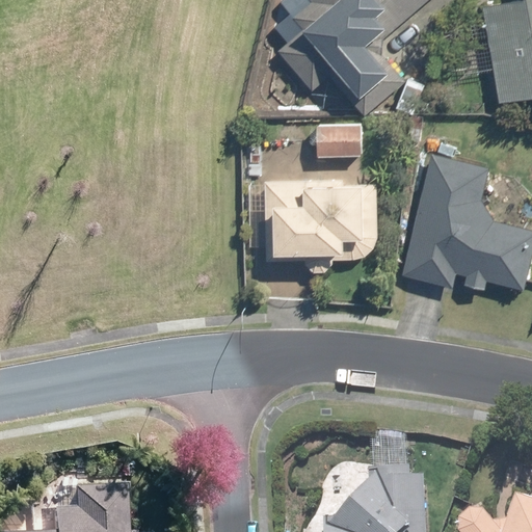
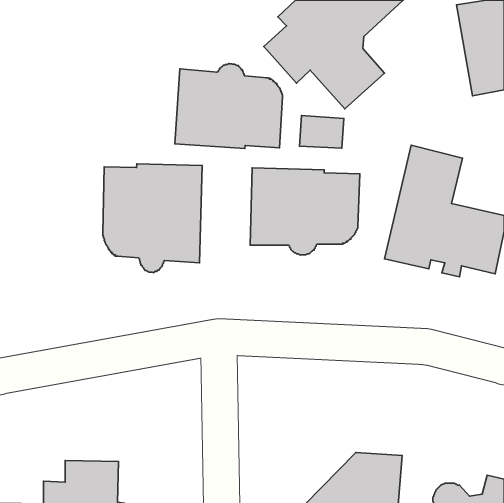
building: none -> [175,64,283,148]
building: none -> [103,164,202,272]

